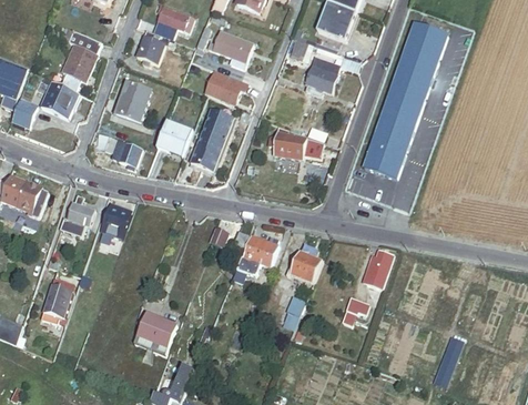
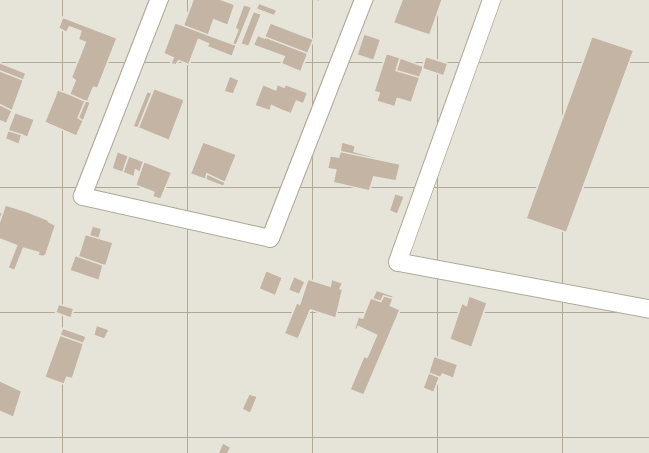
building: [355,20,440,175] -> [526,36,634,232]
building: [194,109,237,170] -> none
building: [106,203,132,233] -> none
building: [135,311,179,353] -> none

